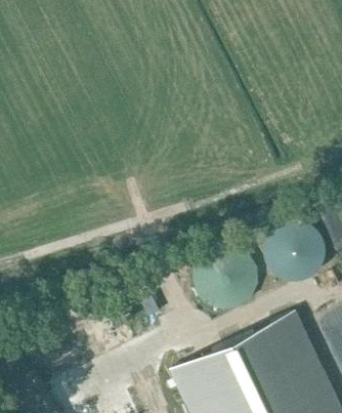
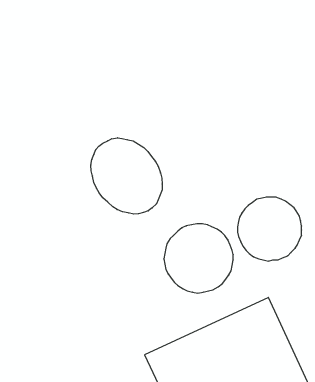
building: none -> [91,138,162,214]

